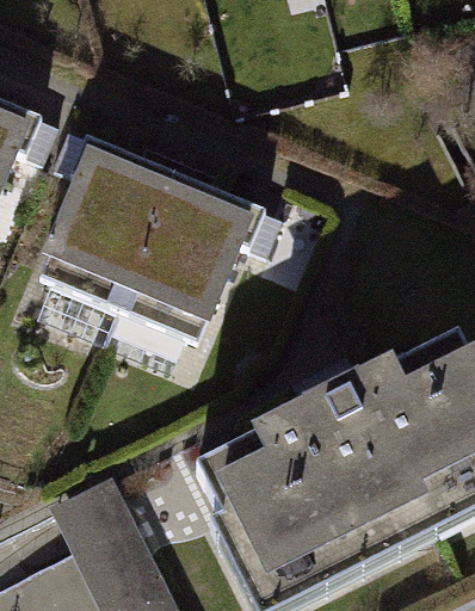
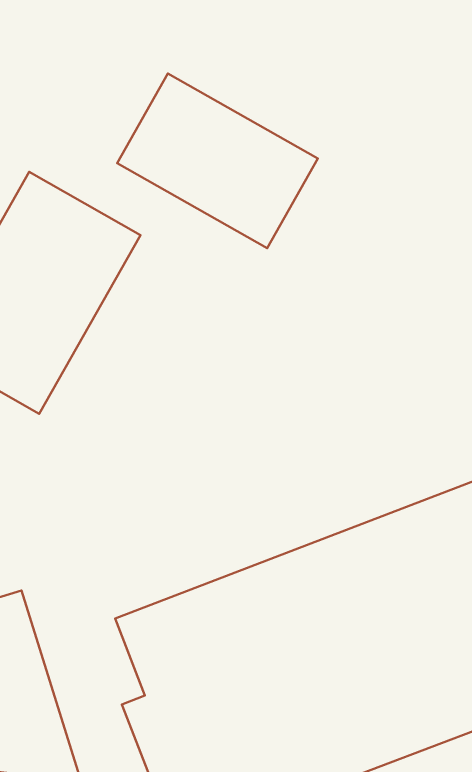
building: none -> [117,73,318,248]
building: [110,196,251,366] -> none

